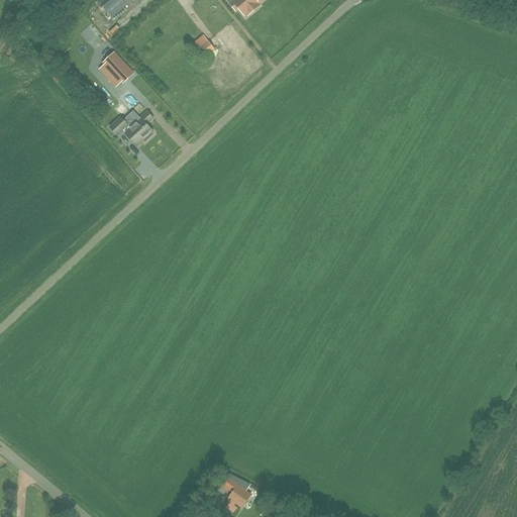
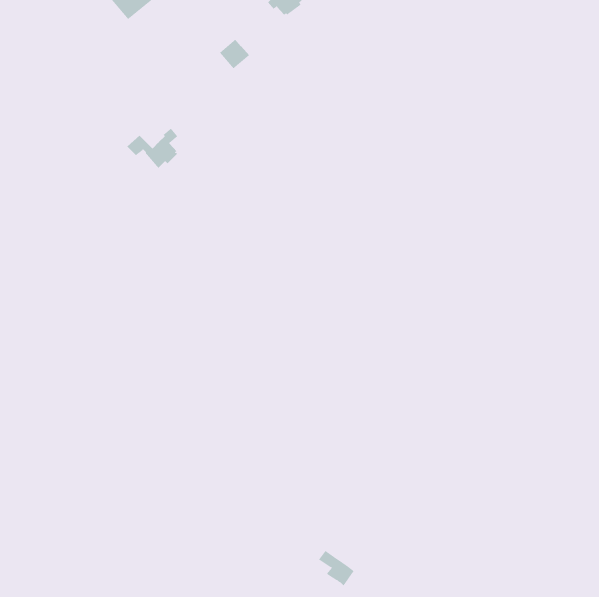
building: [104,51,133,82] -> none
building: [219,475,250,506] -> [318,550,354,587]

